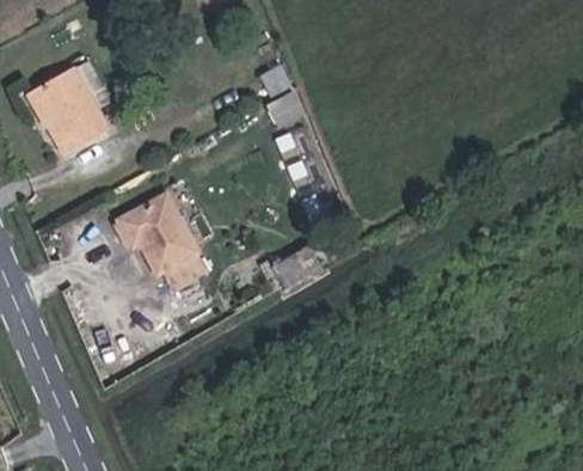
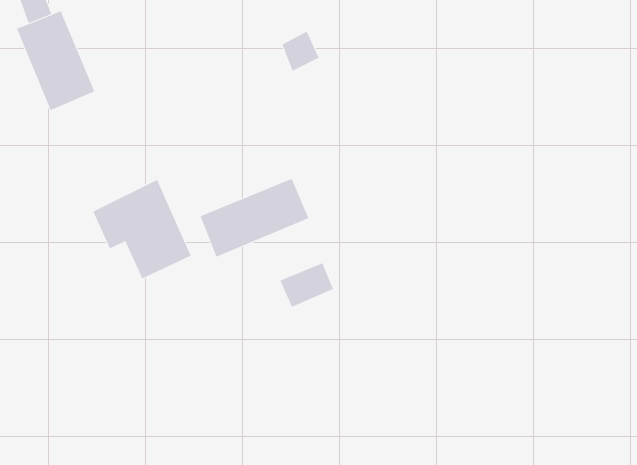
building: none -> [200,178,309,257]

